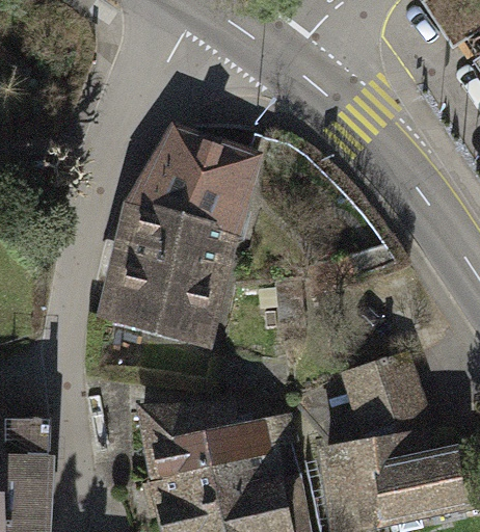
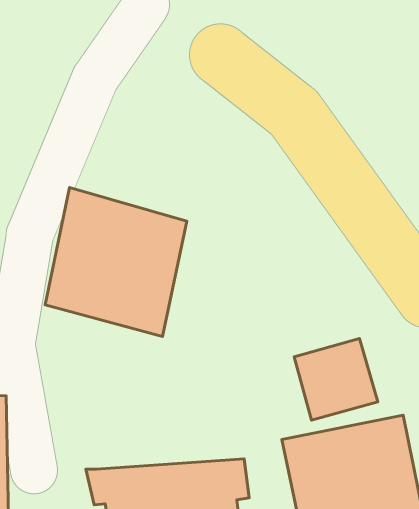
building: [118,125,261,237] -> none
building: [132,403,296,489] -> none

